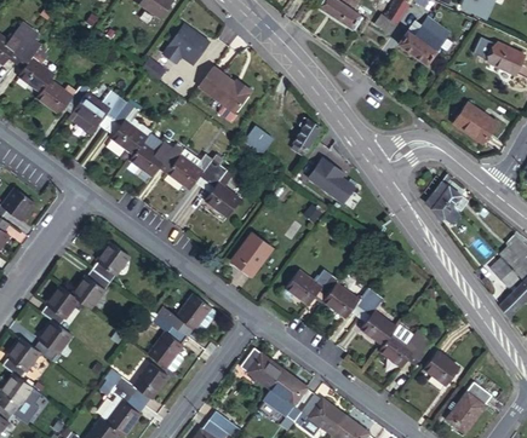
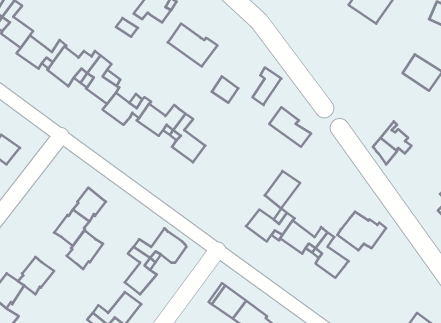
building: [237,238,276,279] -> [265,171,300,208]
building: [42,286,82,328] -> [67,231,103,269]
building: [379,325,433,368] -> [337,212,386,250]
building: [426,353,464,387] -> none

